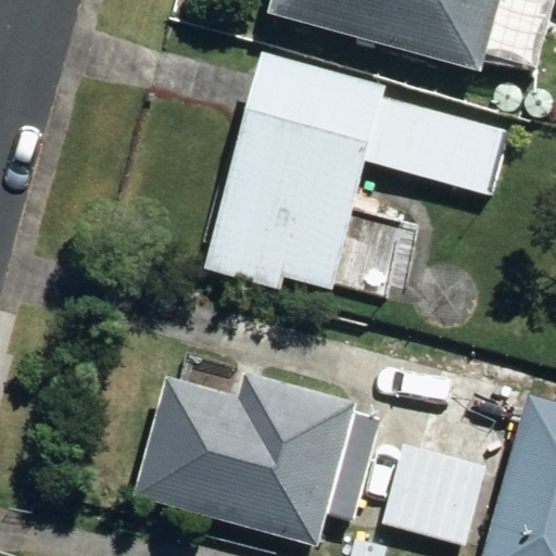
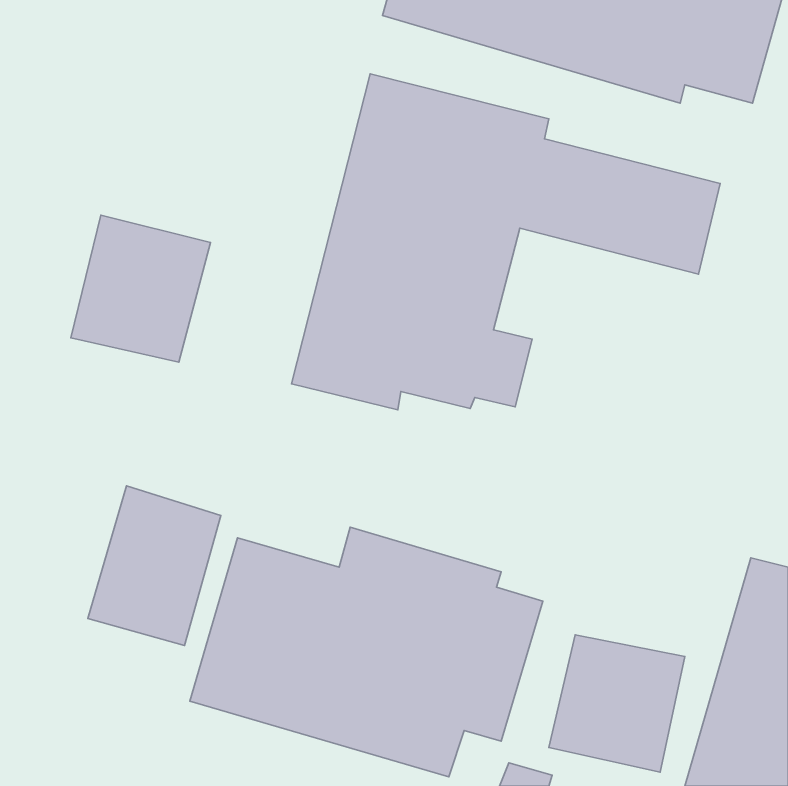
building: none -> [71,215,211,362]
building: none -> [88,486,221,646]

